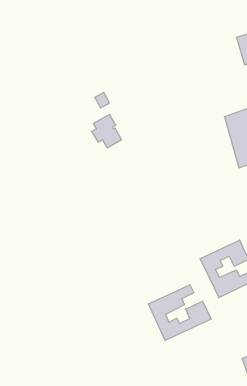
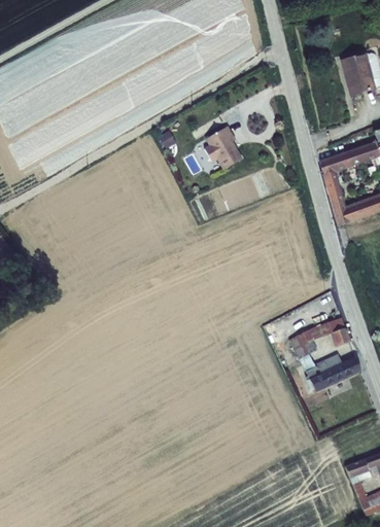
building: [92,114,122,148] -> [204,126,242,168]
building: [148,285,211,341] -> none

